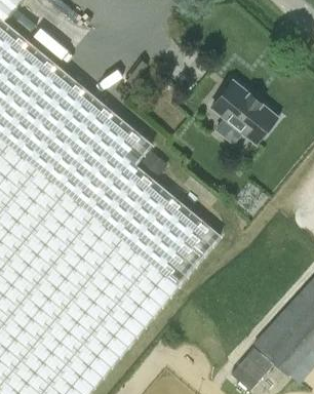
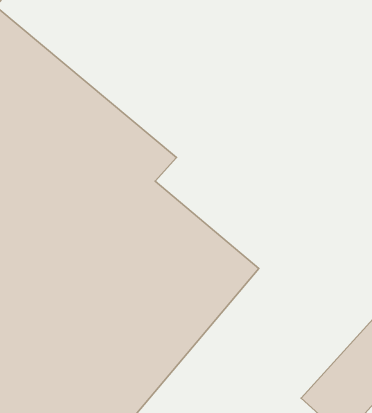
building: [210,82,276,146] -> none

